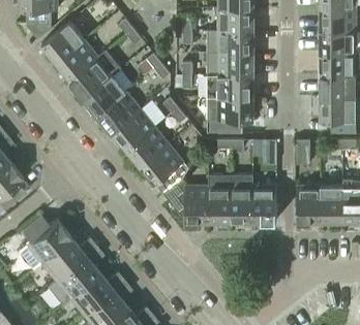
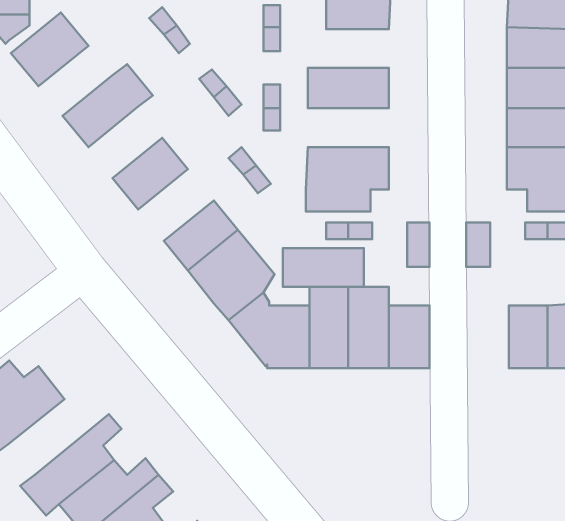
building: [208,31,253,53] -> none
building: [57,40,98,79] -> none
building: [85,74,126,115] -> none
building: [208,75,253,97] -> [283,248,364,287]
building: [113,109,155,150] -> none
building: [297,186,321,221] -> none
building: [40,237,96,281] -> none

